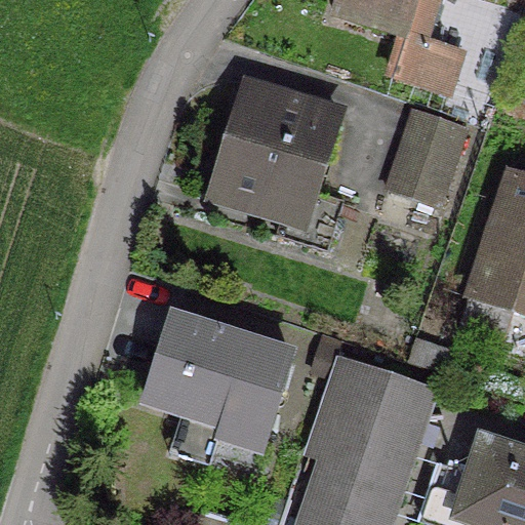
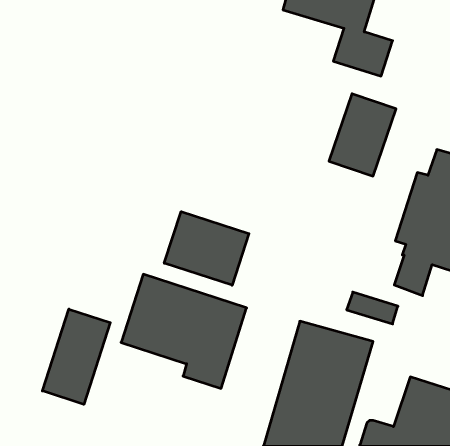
building: [207,85,336,246] -> none
building: none -> [164,212,249,285]
building: none -> [42,309,110,404]

